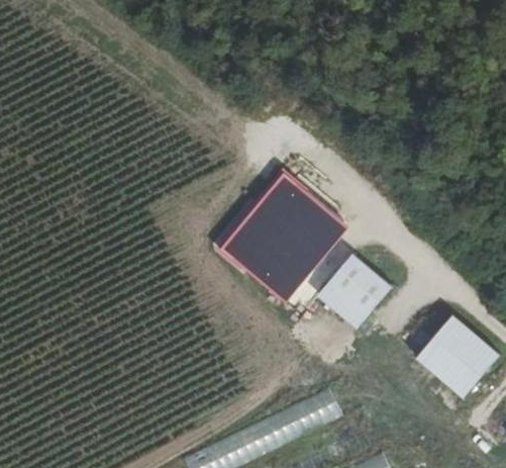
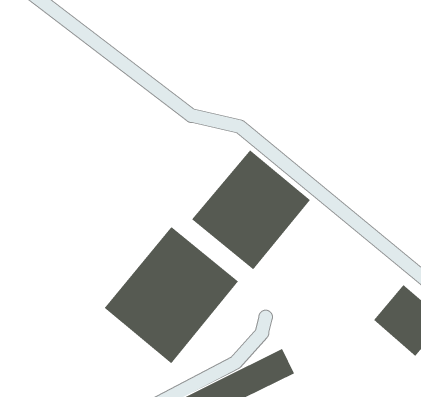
building: [318,255,392,329] -> none
building: none -> [104,226,239,364]

